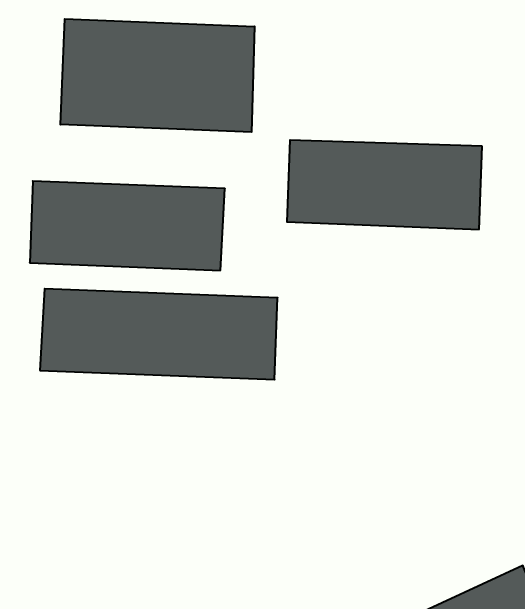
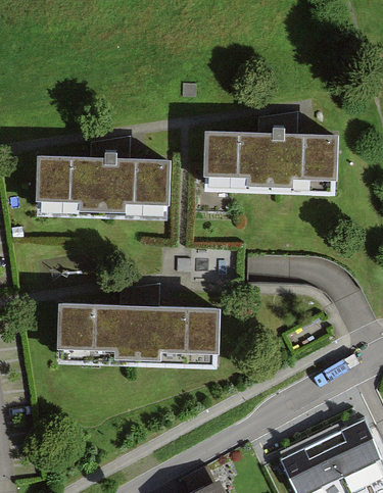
building: [60,19,255,132] -> none
building: [40,289,278,380] -> [55,304,216,365]

